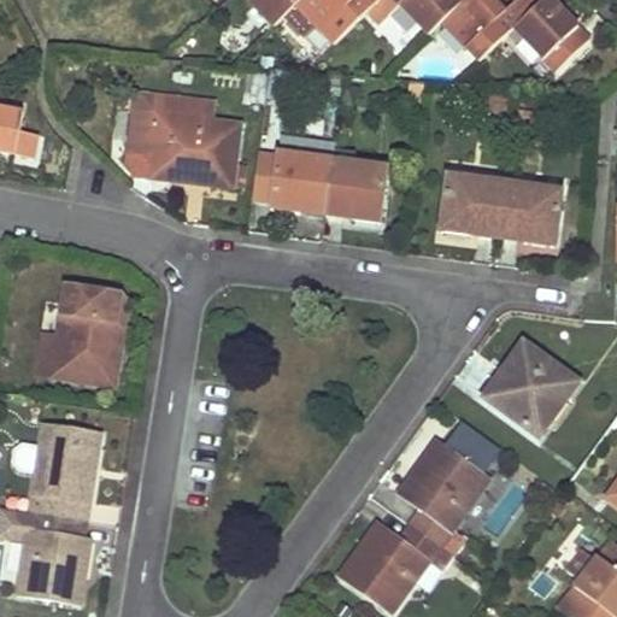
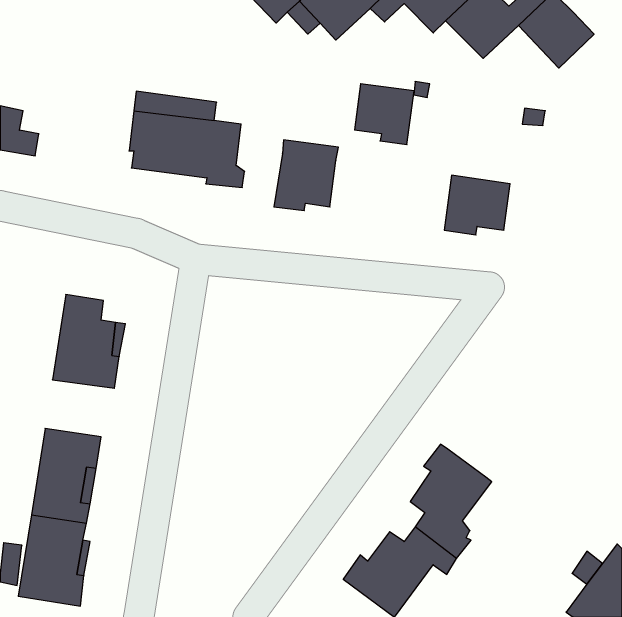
building: [327,159,386,219] -> [355,84,414,145]
building: [499,182,560,243] -> none
building: [484,340,577,435] -> none
building: [443,424,496,472] -> none

